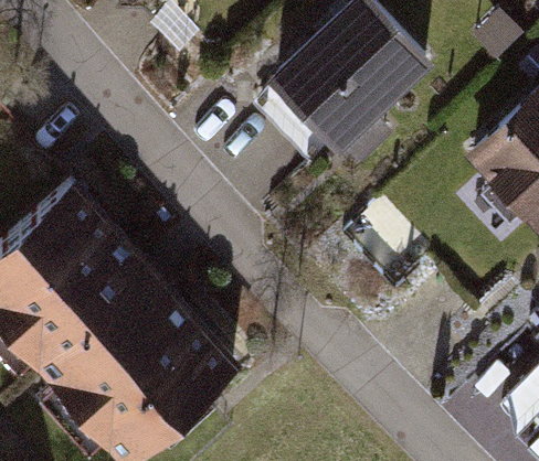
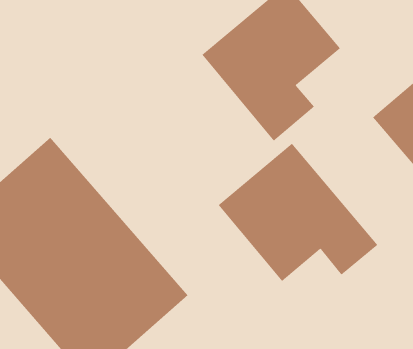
building: none -> [218,143,378,282]

